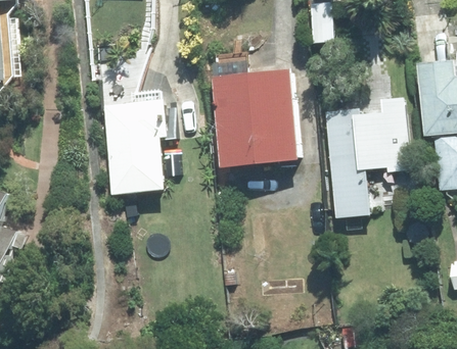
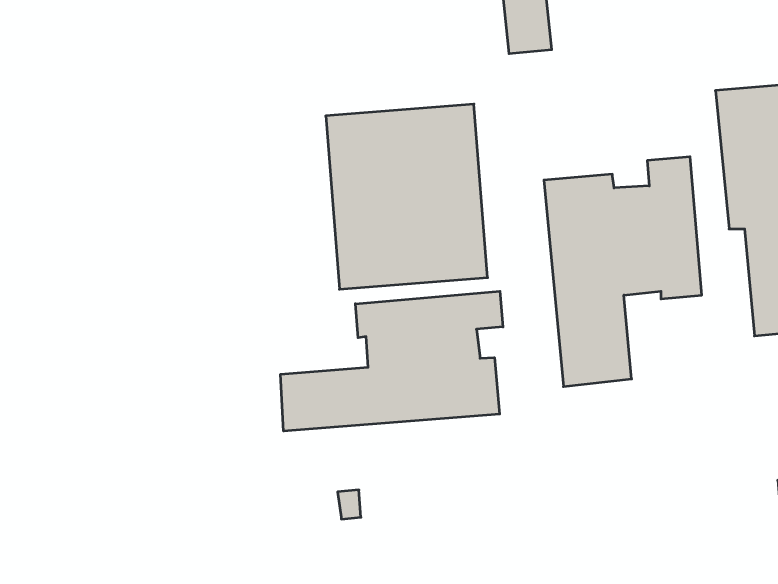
building: [99,100,167,195] -> none
building: none -> [281,291,503,431]

